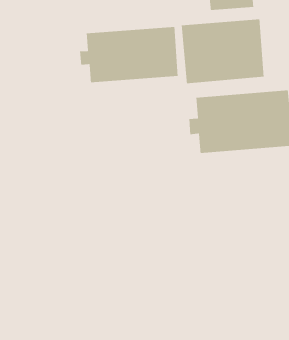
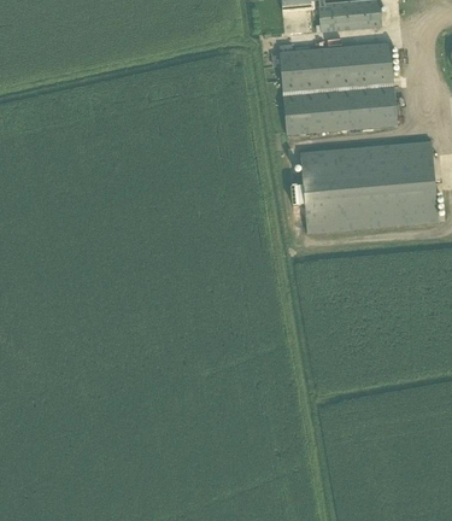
building: [79,26,178,83] -> none

